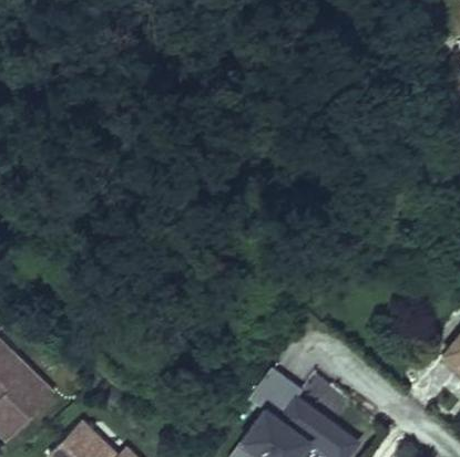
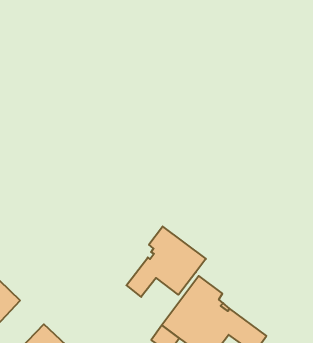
building: none -> [126,226,206,297]

